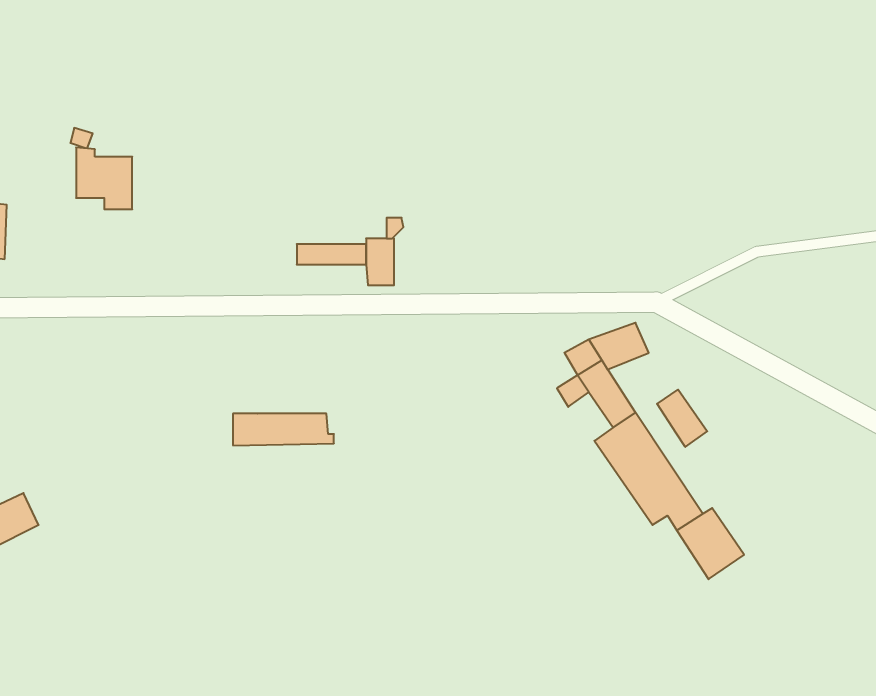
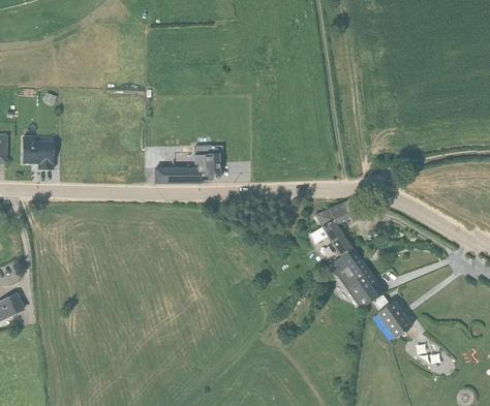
building: [76,147,132,209] -> [21,134,52,168]
building: [657,390,707,447] -> none
building: [233,414,334,445] -> [153,166,209,184]

